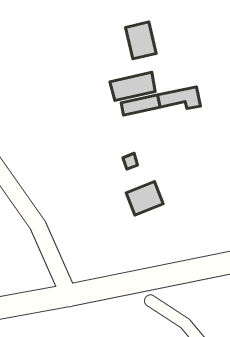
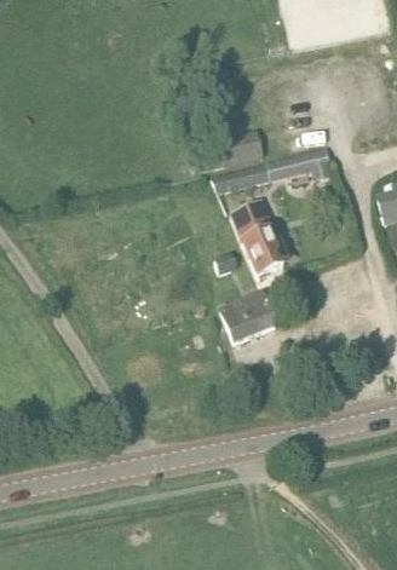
building: [125,22,156,59] -> none
building: none -> [230,198,284,275]

